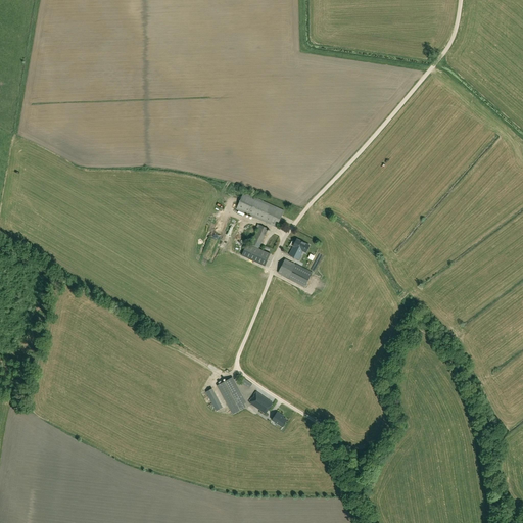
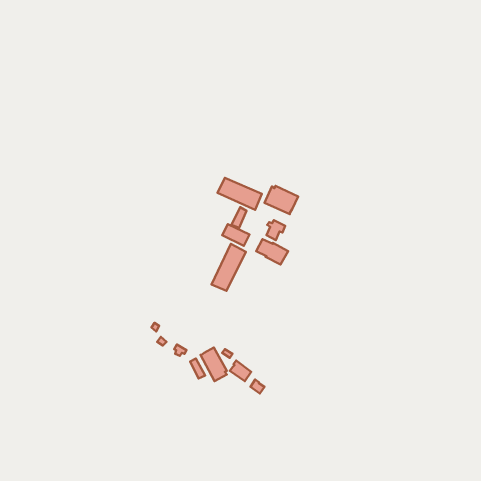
building: none -> [265,186,298,214]
building: none -> [211,244,246,291]

